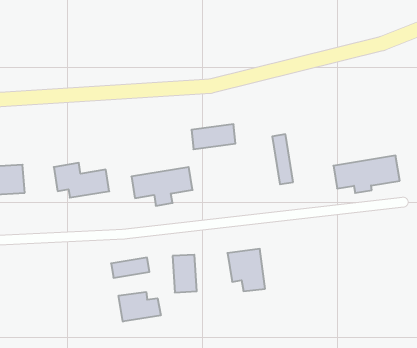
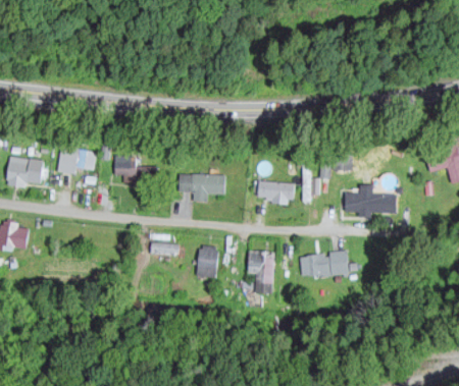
building: [191,124,235,149] -> [259,181,296,199]
building: none -> [300,252,349,277]
building: [119,292,161,322] -> none

